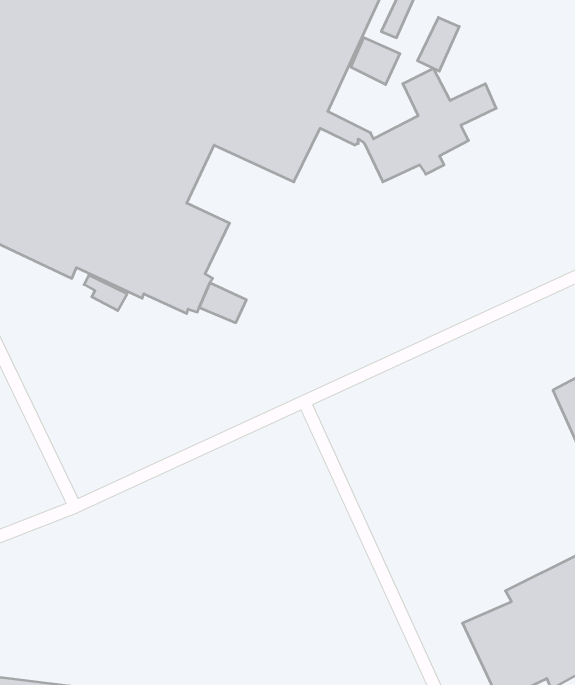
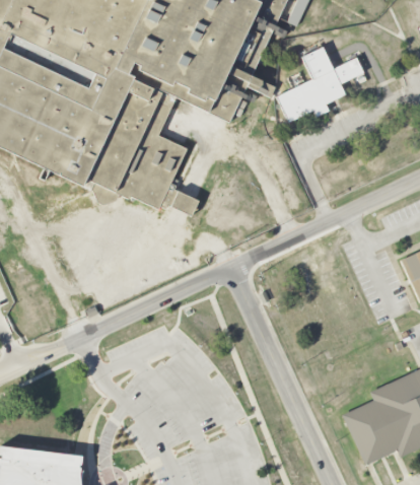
building: [418,17,459,71] -> none
building: [351,38,400,85] -> none

